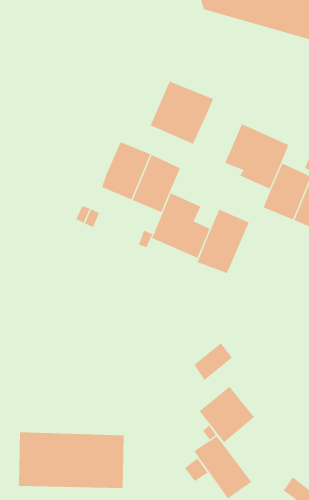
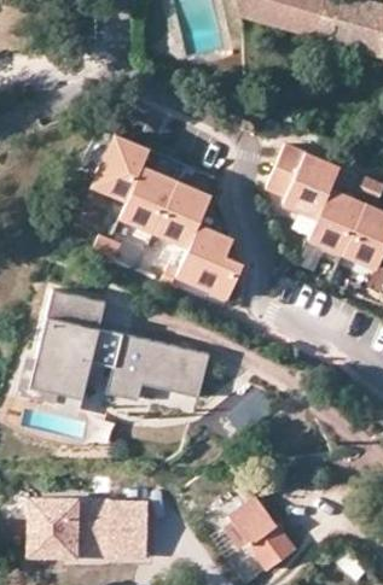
building: [150,81,214,145] -> [80,129,152,201]
building: [197,209,250,274] -> none
building: none -> [30,289,210,400]
building: [199,386,255,443] -> none

